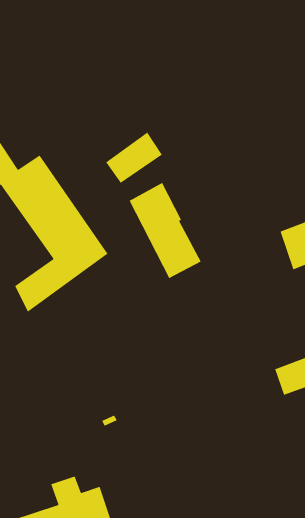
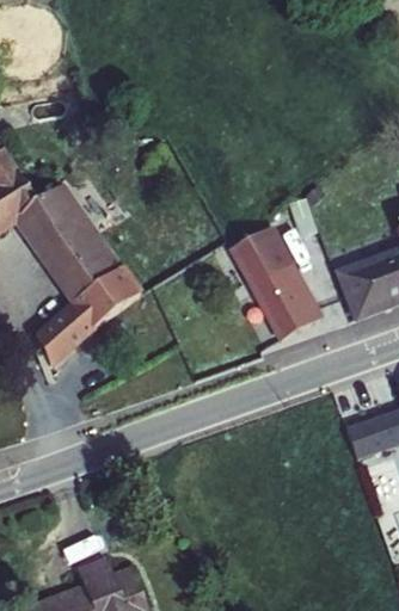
building: [105,132,163,184] -> none
building: [128,182,202,279] -> [233,232,318,344]

